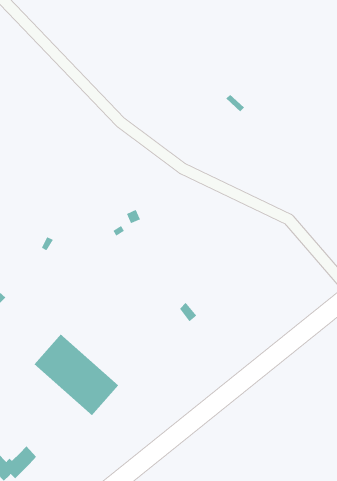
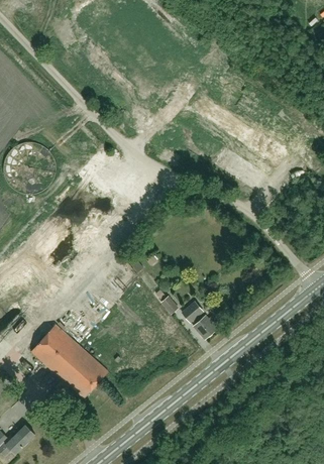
building: none -> [182,302,217,339]

